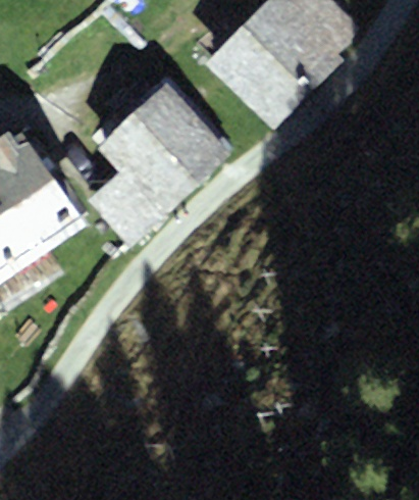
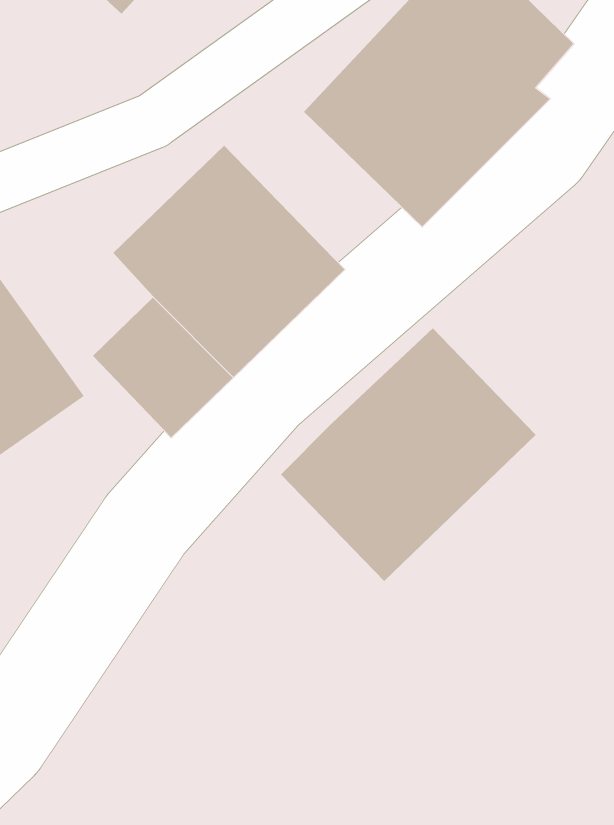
building: none -> [280,327,537,582]

